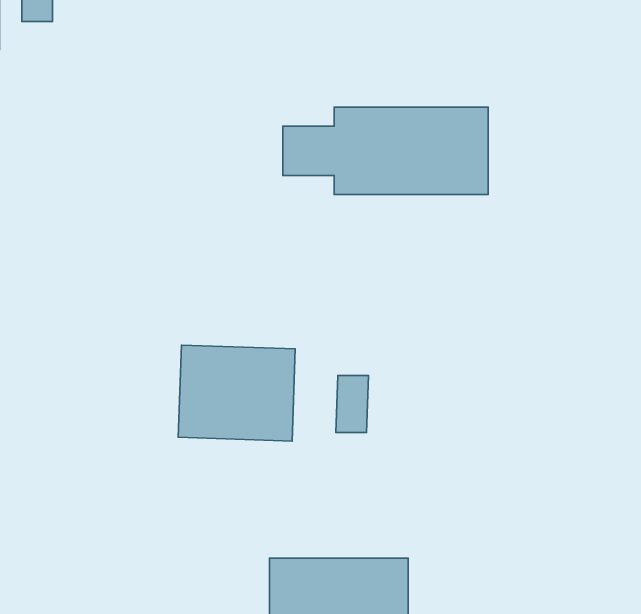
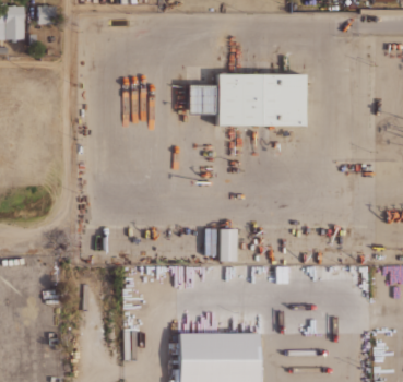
building: [178,345,295,441] -> none

